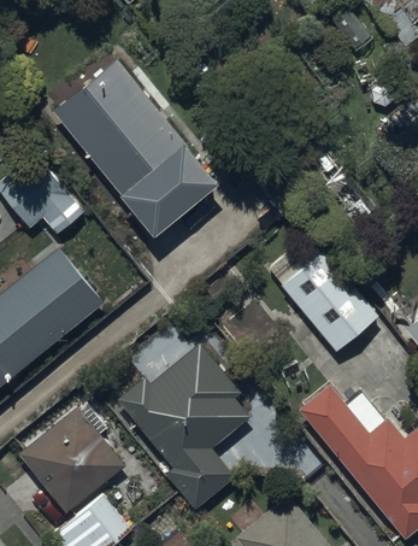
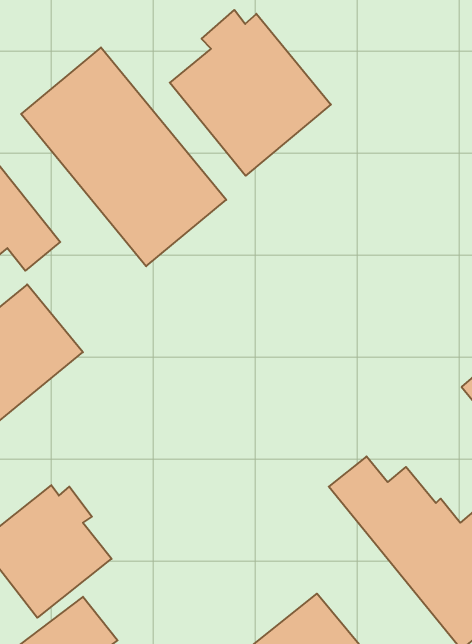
building: none -> [170,10,331,176]
building: [270,242,378,353] -> none
building: [117,344,249,511] -> none

